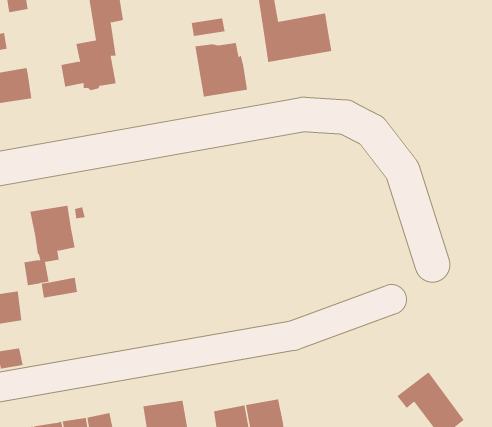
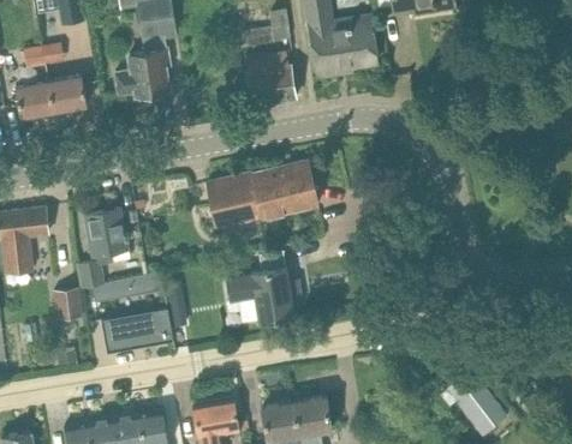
building: none -> [207,162,317,228]
building: none -> [226,252,298,324]
building: none -> [100,308,173,354]

